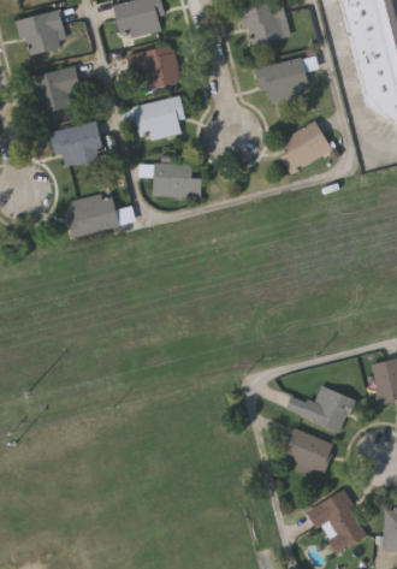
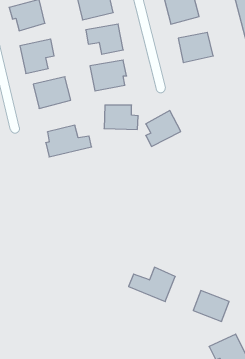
building: [282,119,332,171] -> [146,111,181,146]
building: [284,384,351,433] -> [129,267,175,302]

